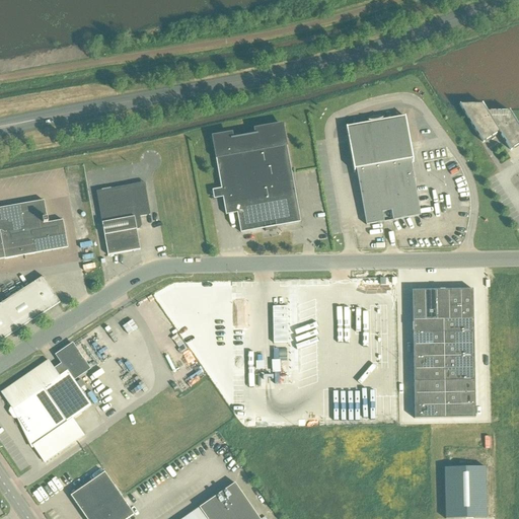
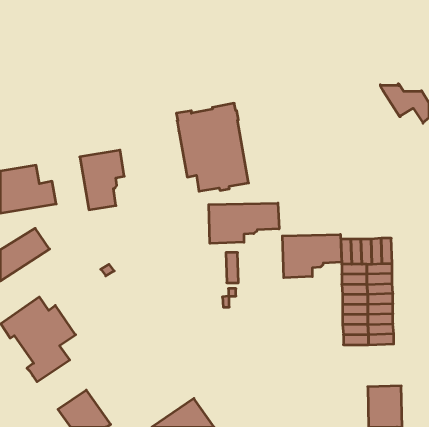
building: [347,117,421,224] -> none
building: none -> [209,203,279,243]
building: none -> [282,234,342,278]
building: [56,343,83,369] -> none

